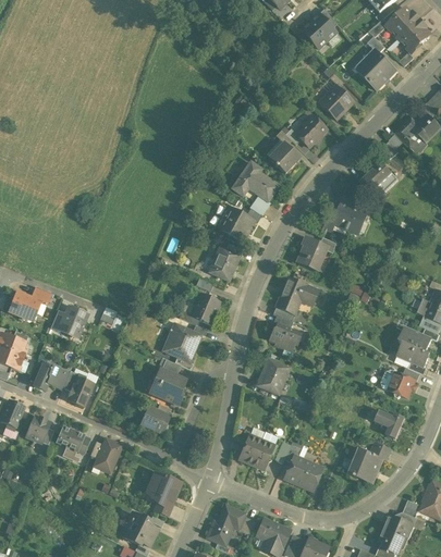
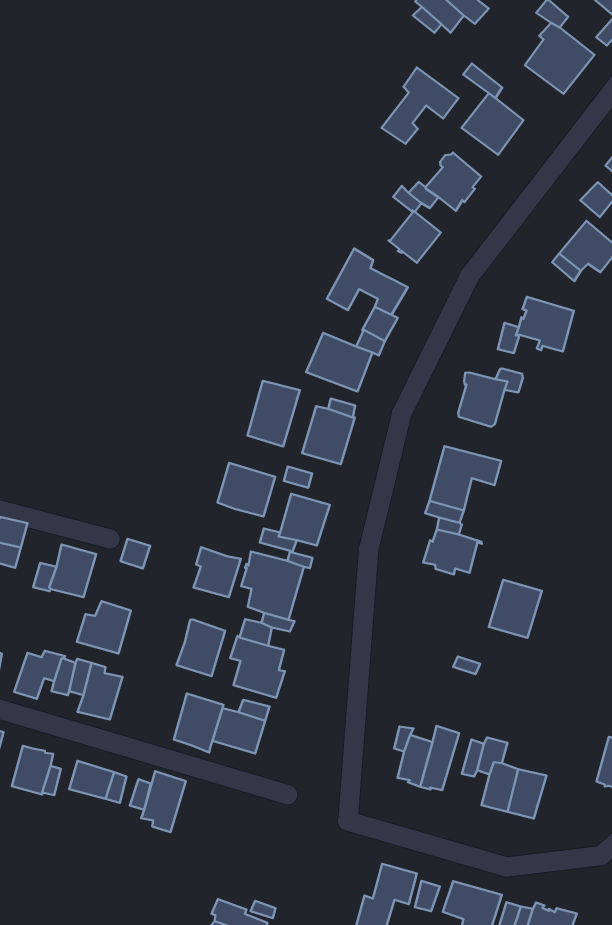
building: none -> [382,67,458,144]
building: none -> [247,381,300,446]
building: none -> [218,463,275,517]
building: none -> [194,547,241,597]
building: none -> [77,601,131,654]
building: none -> [177,620,225,676]
building: [257,359,289,393] -> [489,580,542,638]
building: none -> [174,693,223,753]
building: [145,470,180,516] -> none

